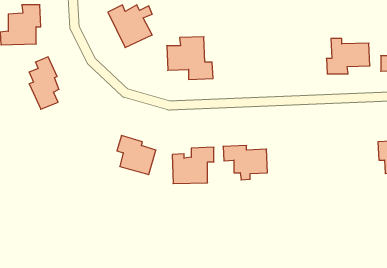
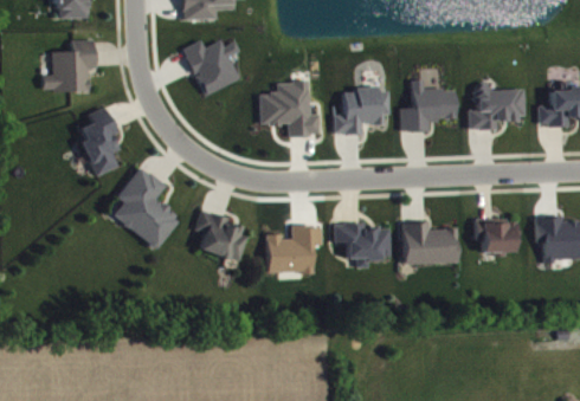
building: none -> [400,79,456,131]
building: none -> [334,88,388,134]
building: none -> [112,166,179,248]
building: none -> [475,219,515,252]
building: none -> [402,221,458,264]

